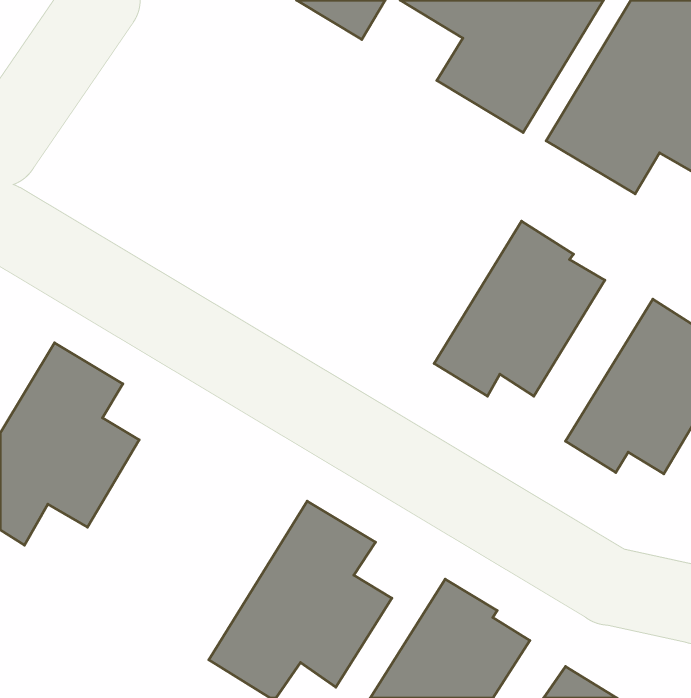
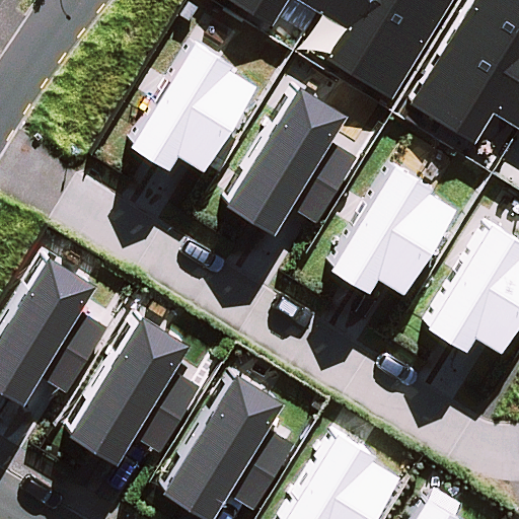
building: none -> [127,41,254,171]
building: none -> [223,87,360,235]
building: none -> [66,313,202,464]

